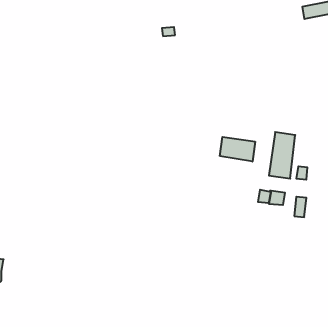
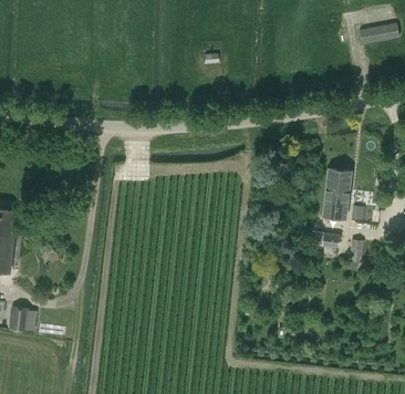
building: [220,137,255,162] -> none

